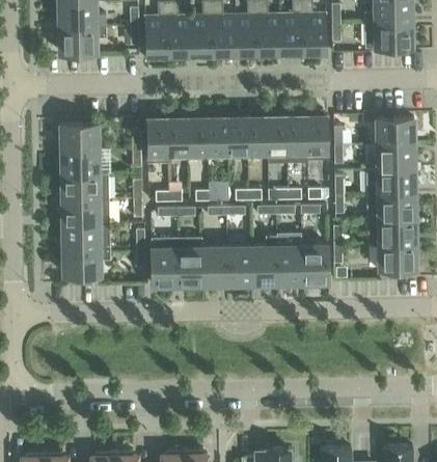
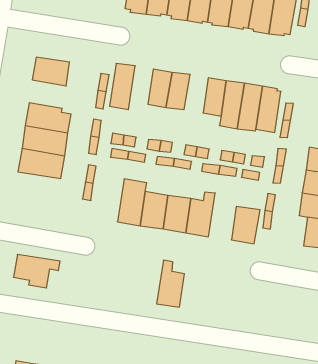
building: [227,114,248,153] -> none
building: [167,115,188,163] -> none
building: [60,150,98,174] -> none
building: [276,236,302,283] -> [157,260,184,307]
building: [151,238,177,286] -> none
building: [62,249,109,280] -> [13,254,60,288]

